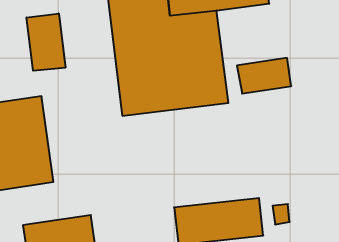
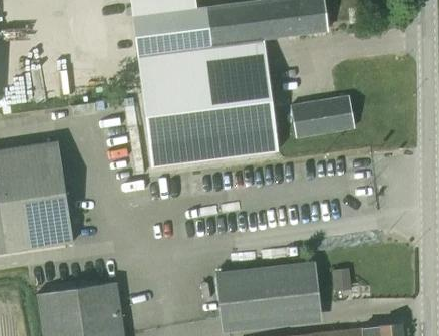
building: [27,13,65,71] -> none

